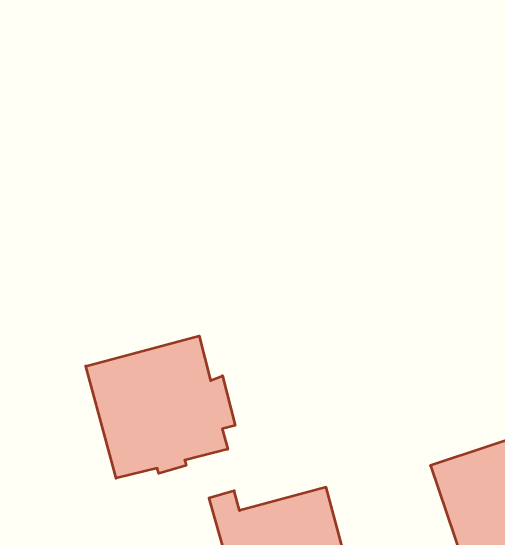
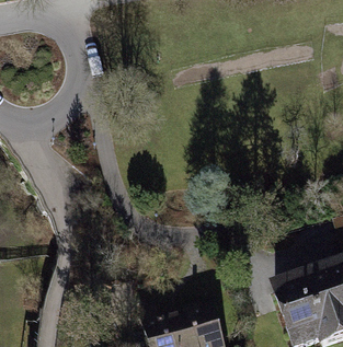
building: [86,336,235,478] -> none

